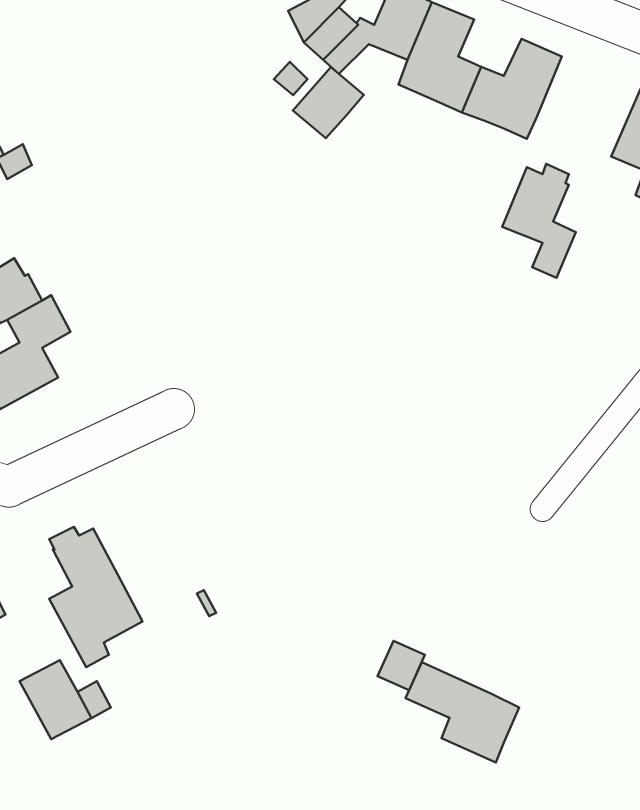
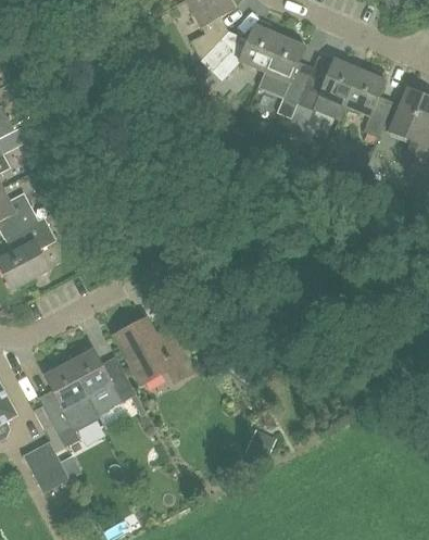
building: [293,67,364,138] -> none
building: [502,164,576,278] -> [343,66,389,137]
building: none -> [115,319,191,381]
building: none -> [68,348,135,414]
building: [405,662,519,763] -> none

